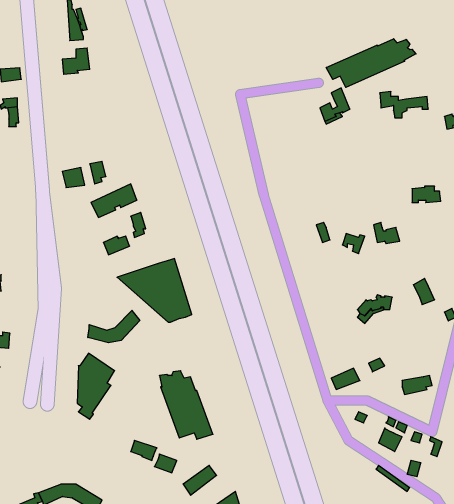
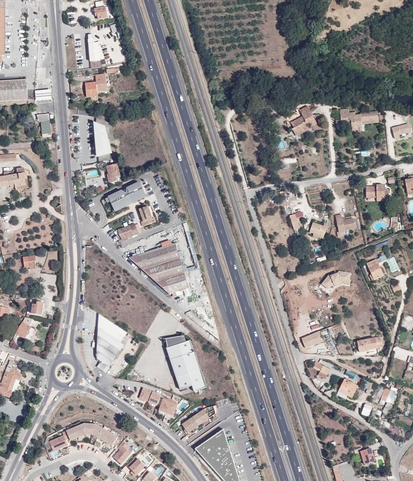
building: [326,39,416,87] -> none
building: none -> [95,117,113,161]
building: [88,310,140,343] -> none

